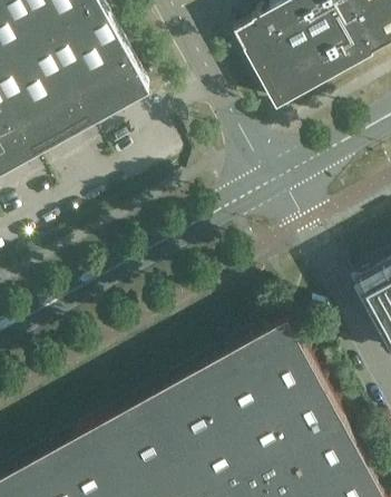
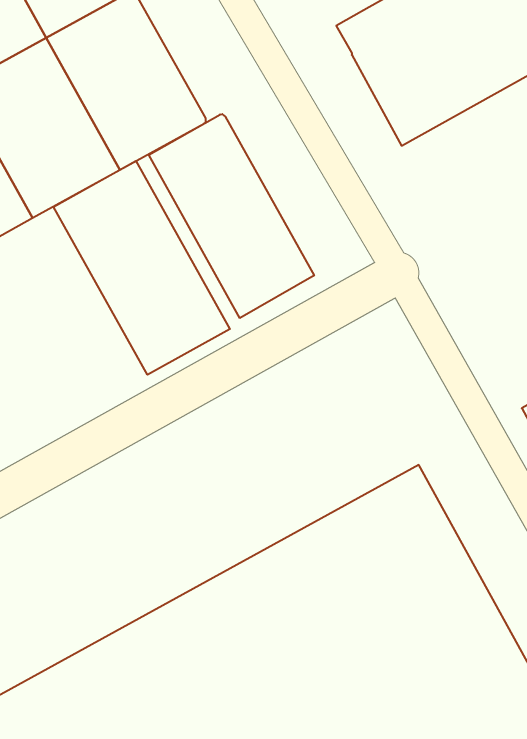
building: none -> [149,114,314,318]
building: none -> [54,161,230,375]

